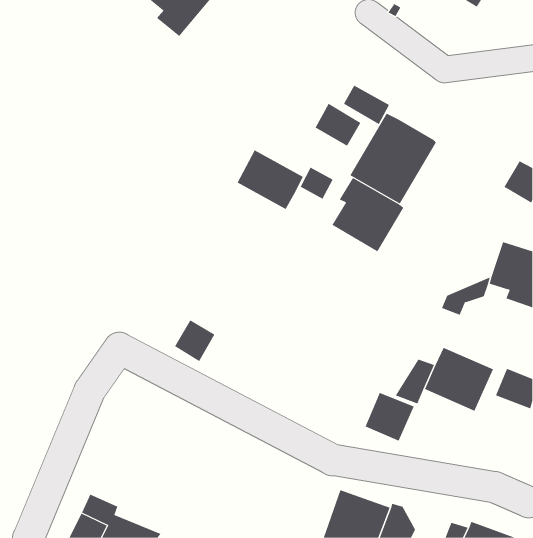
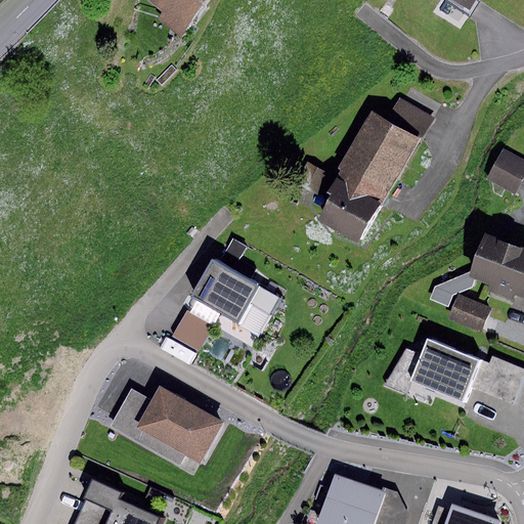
building: [343,85,390,125] -> [387,97,432,136]
building: [315,103,361,146] -> none
building: [237,150,304,210] -> none
building: none -> [193,258,281,337]
building: none -> [448,294,491,333]
building: [365,392,414,442] -> none
building: none -> [111,387,226,463]

